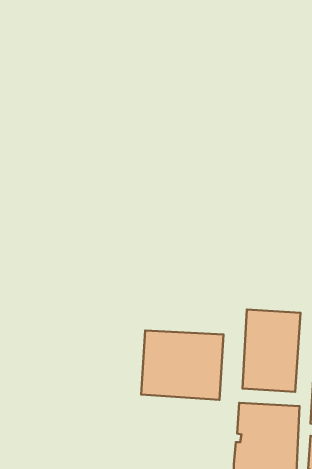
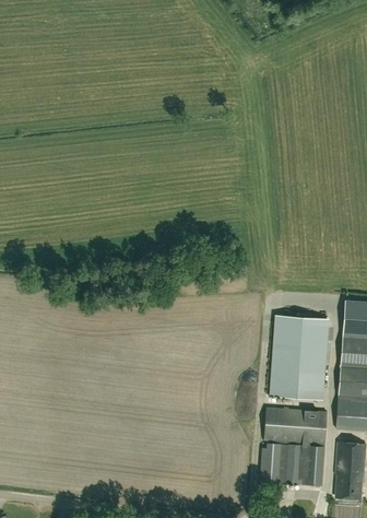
building: [141,330,224,400] -> none

